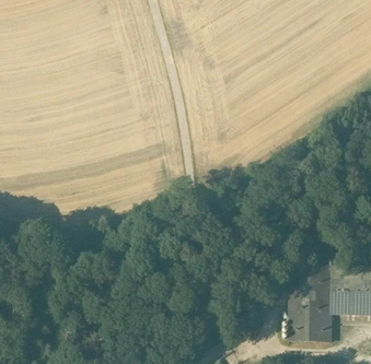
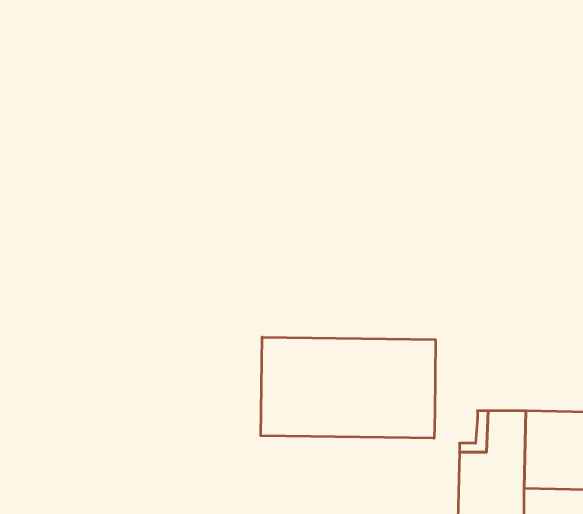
building: none -> [261,337,435,438]

